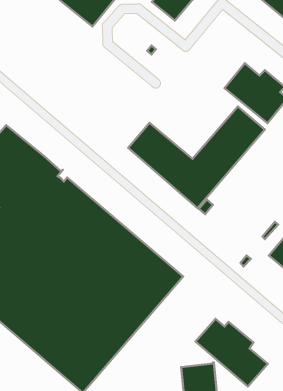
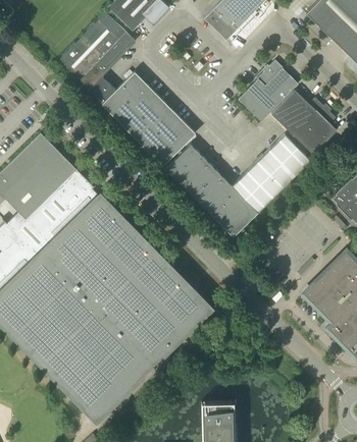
building: none -> [60,12,195,166]
building: none -> [238,60,298,122]
building: [196,319,268,386] -> none

